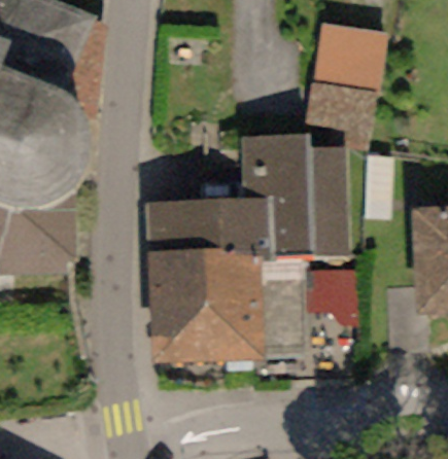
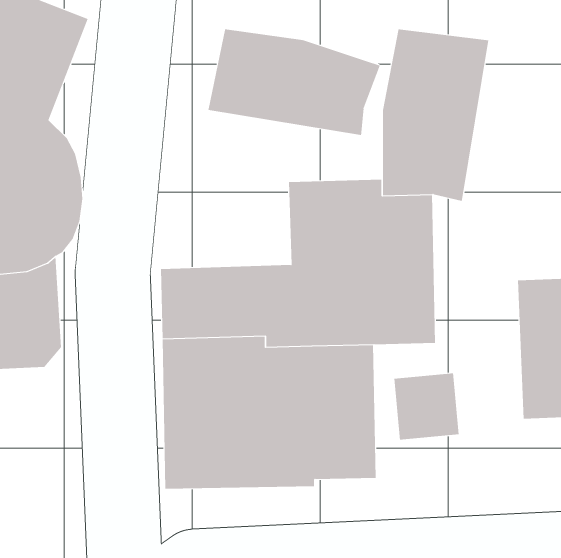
building: none -> [208,28,380,136]

